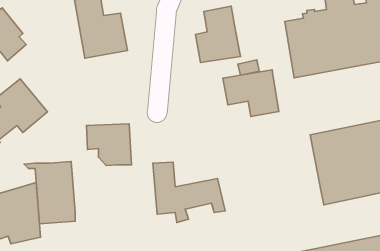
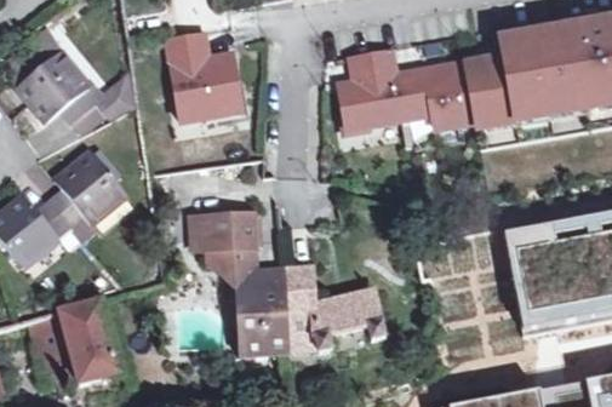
building: [223,70,279,117] -> [396,61,476,127]
building: [24,162,75,224] -> [213,269,286,357]

